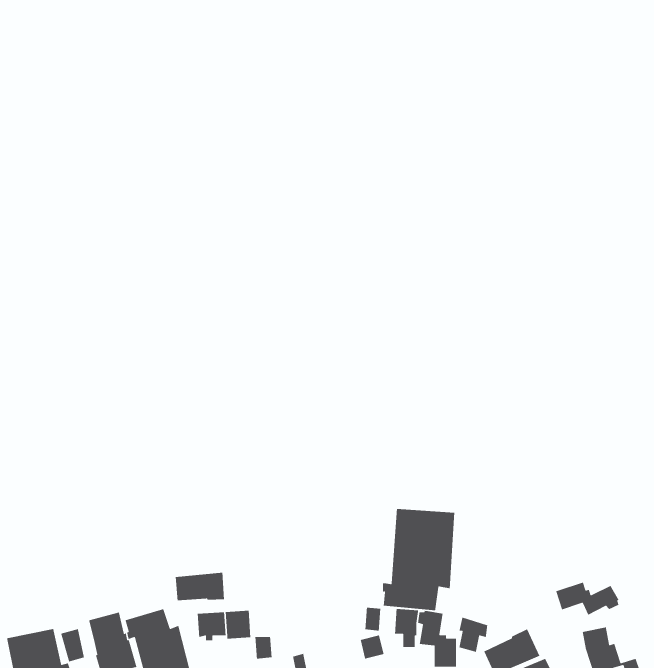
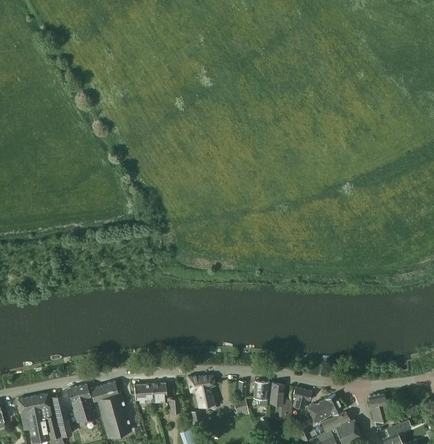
building: [382,508,455,611] -> none
building: [175,572,225,601] -> none
building: [555,581,620,616] -> none
building: none -> [187,377,219,408]

